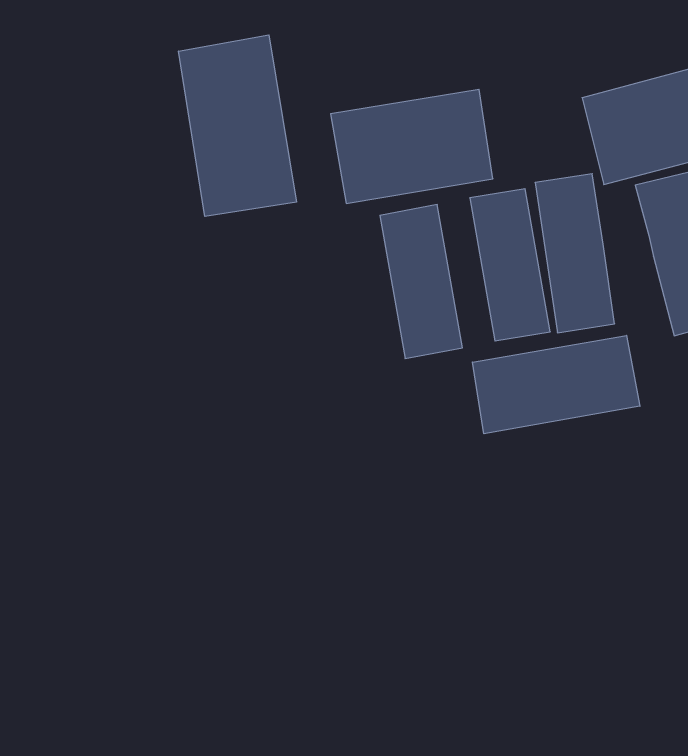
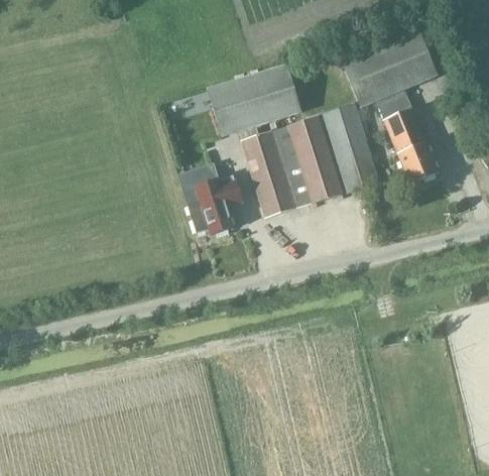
building: [179,35,296,216] -> none
building: none -> [189,174,242,235]
building: [472,335,640,434] -> none

